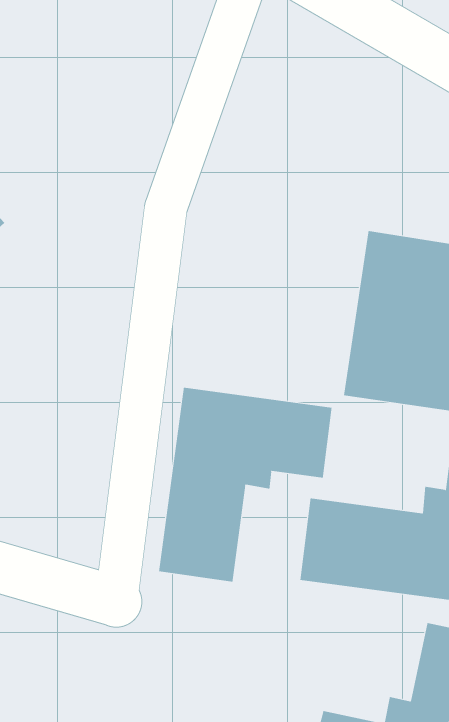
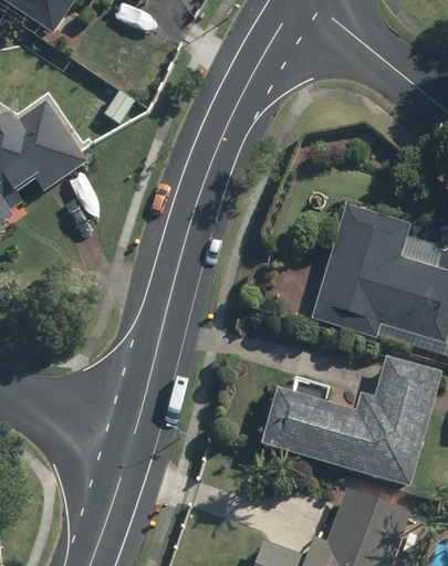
building: [159,387,332,582] -> none

